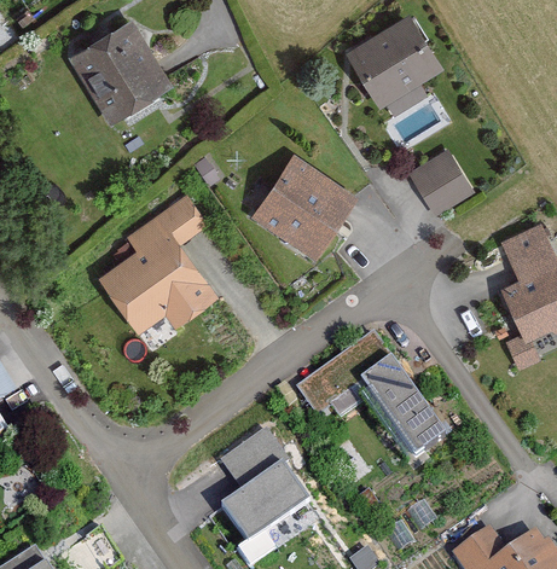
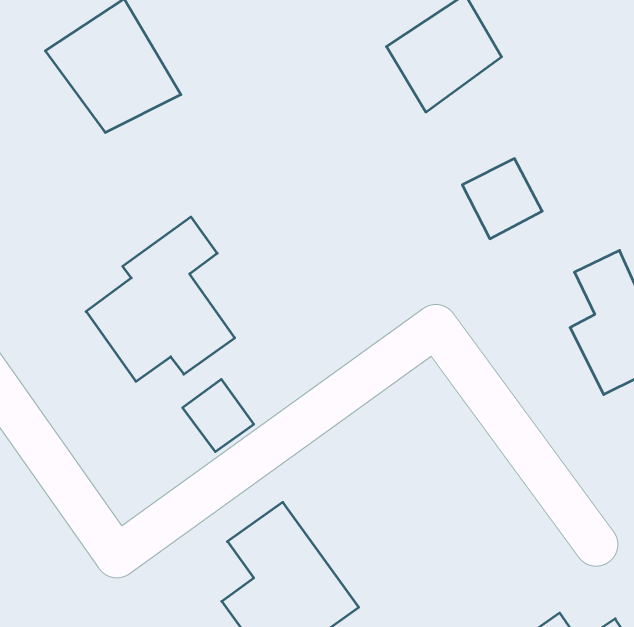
building: [248,152,358,260] -> none
building: none -> [183,379,254,452]
building: [300,335,447,463] -> none

